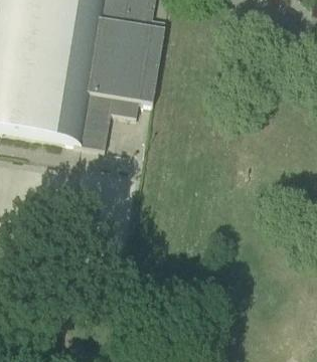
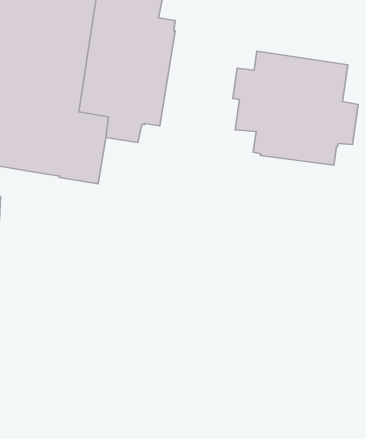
building: none -> [233,51,358,165]

